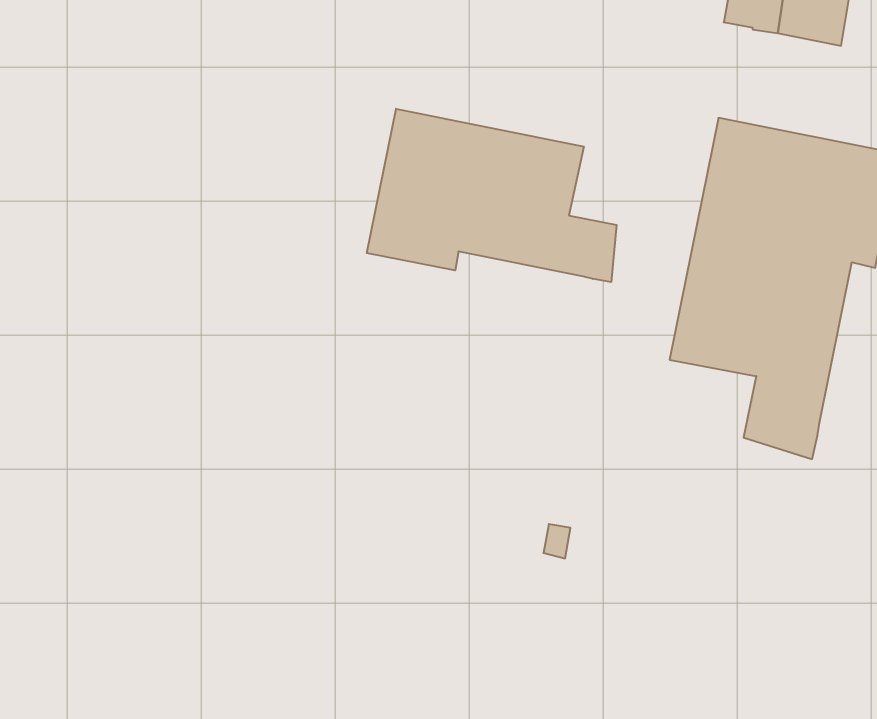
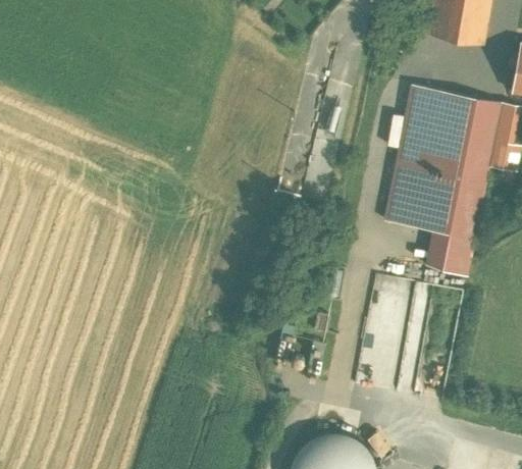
building: [367,109,617,282] -> none

